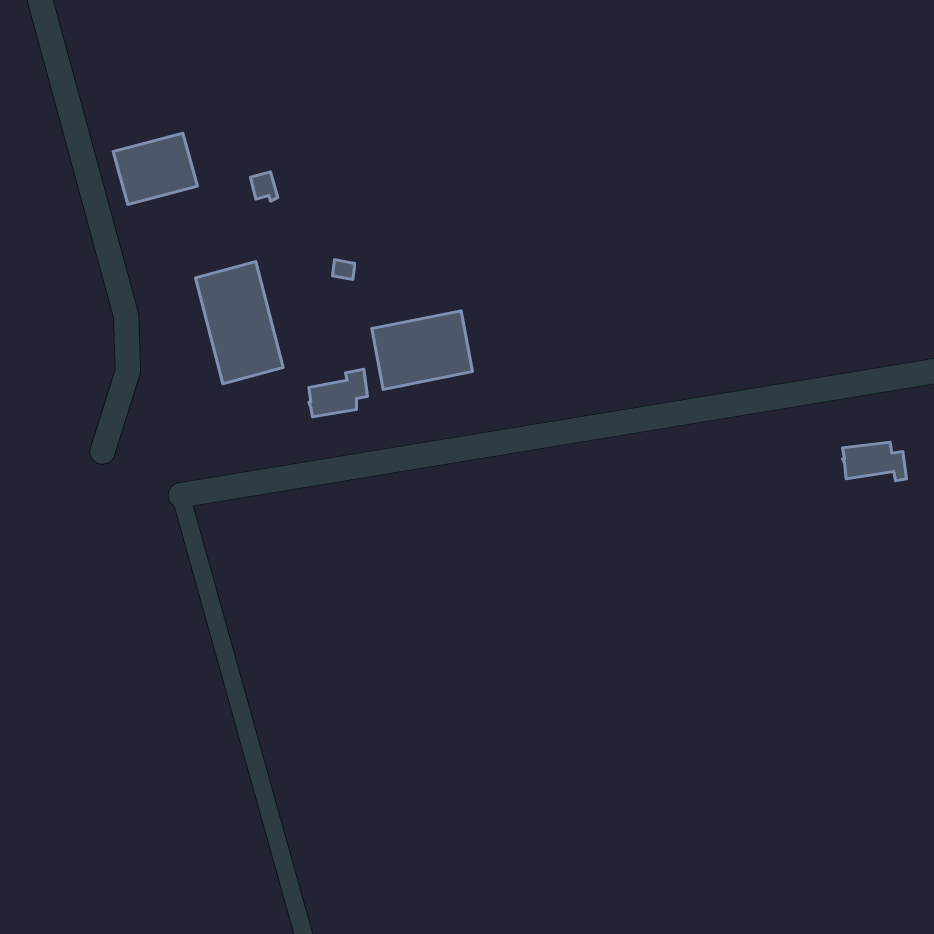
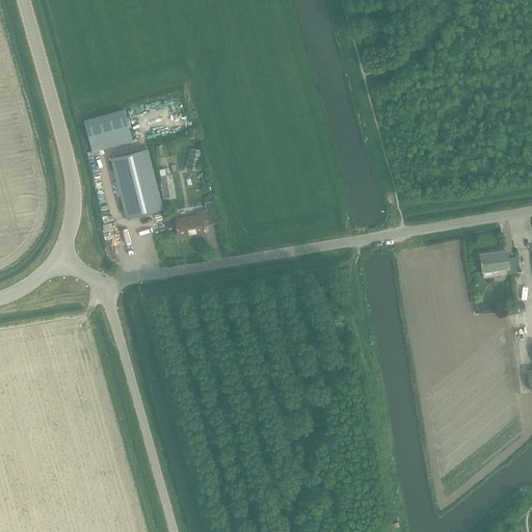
building: [113,133,197,204] -> [84,110,132,151]
building: [372,311,473,389] -> none

